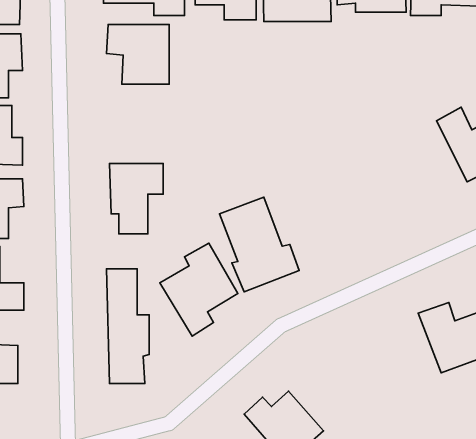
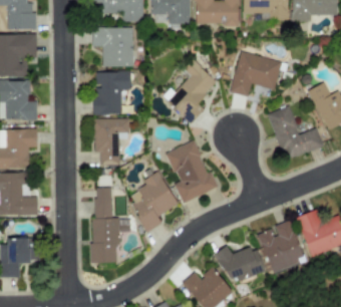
building: none -> [231,51,283,97]
building: none -> [162,59,218,124]
building: none -> [94,72,131,115]
building: none -> [268,106,324,162]
building: none -> [259,221,305,274]
building: none -> [217,247,266,286]

